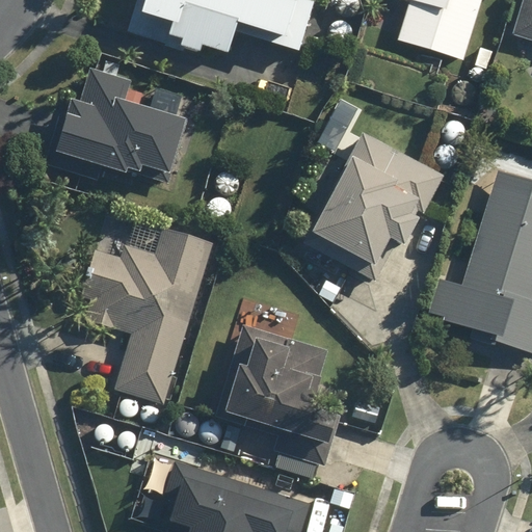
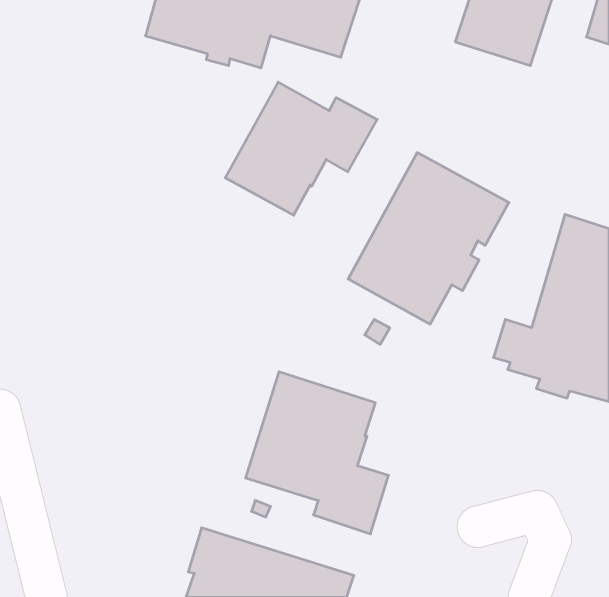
building: [43,70,187,181] -> none
building: none -> [225,82,377,215]
building: [80,225,211,402] -> none

